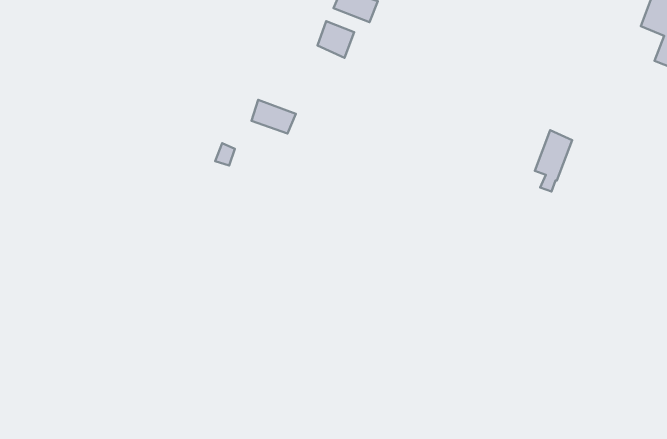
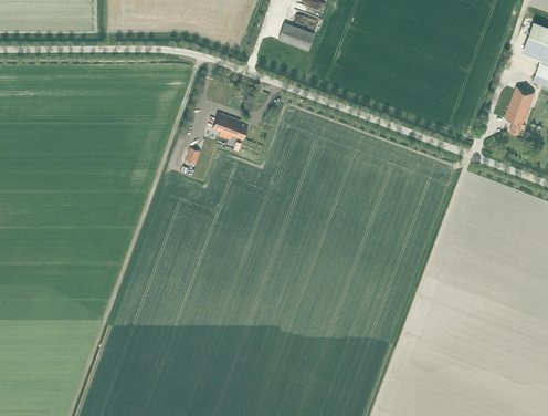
building: [317,21,354,58] -> none
building: [535,130,572,192] -> [505,86,535,135]

